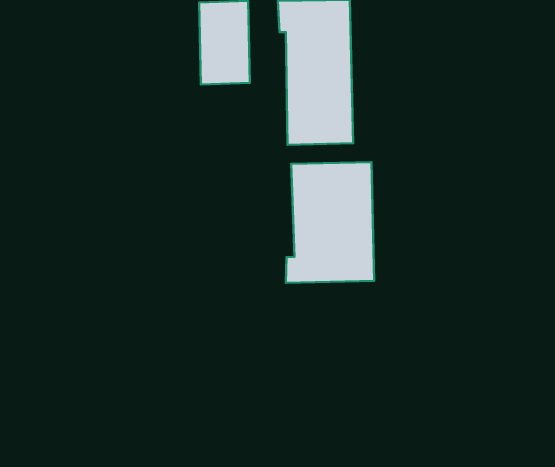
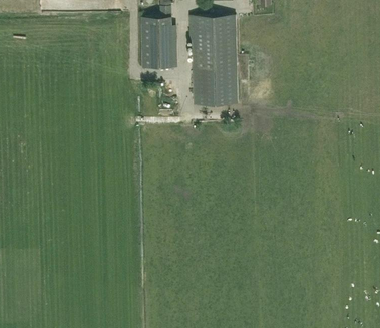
building: [286,162,374,283] -> none

